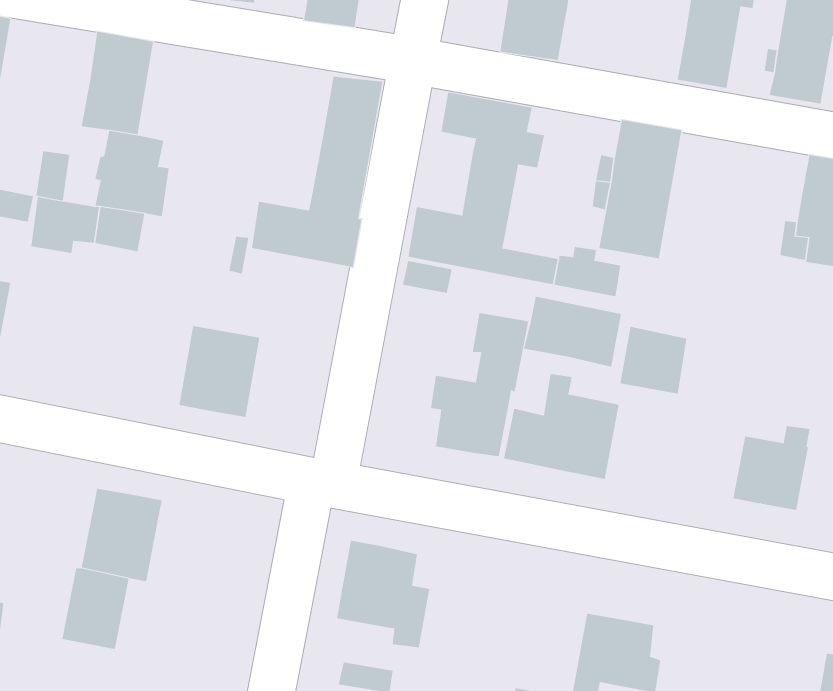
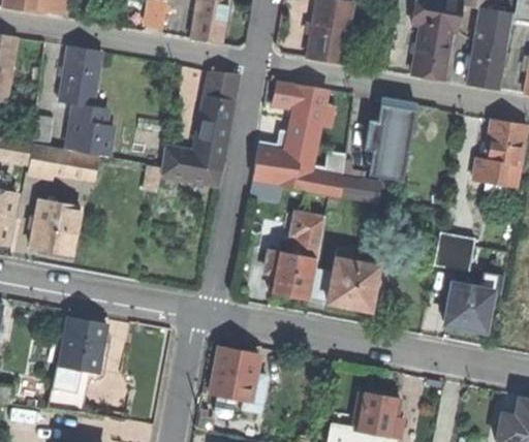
building: [524,296,622,367] -> none
building: [178,325,260,417] -> [30,199,79,254]
building: [619,326,687,394] -> [433,231,473,272]

